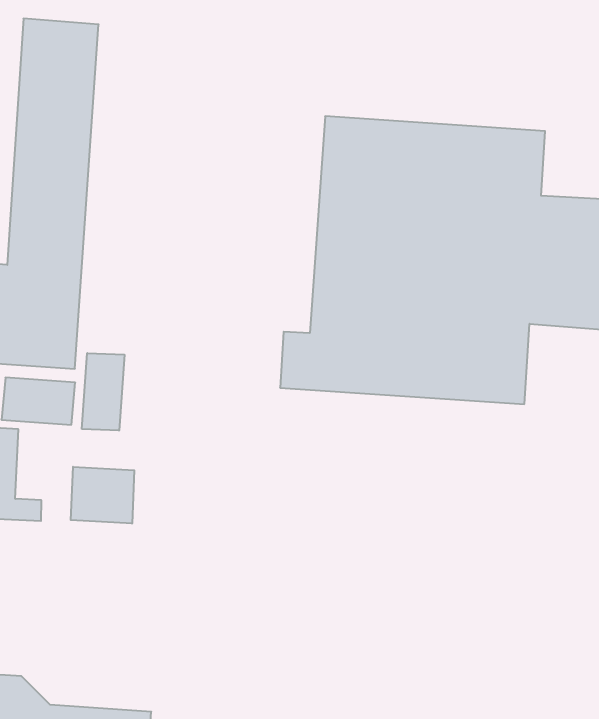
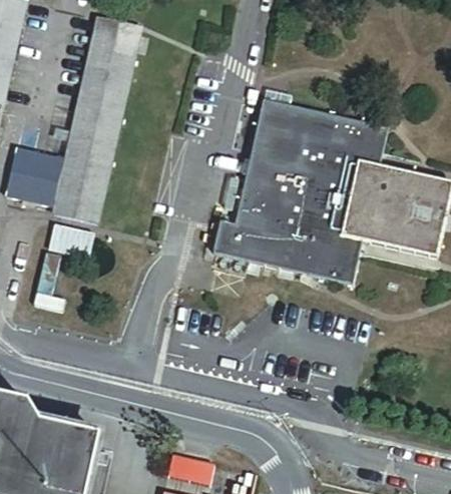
building: [82,353,124,431] -> none
building: [71,467,134,524] -> none

